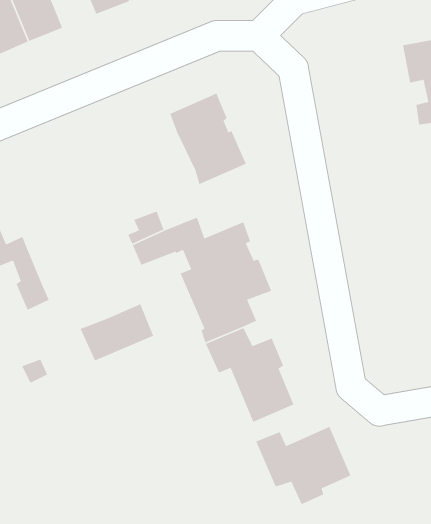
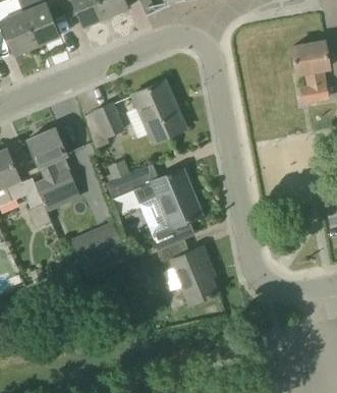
building: none -> [92,103,124,149]
building: none -> [27,127,80,212]
building: [255,426,351,505] -> none

